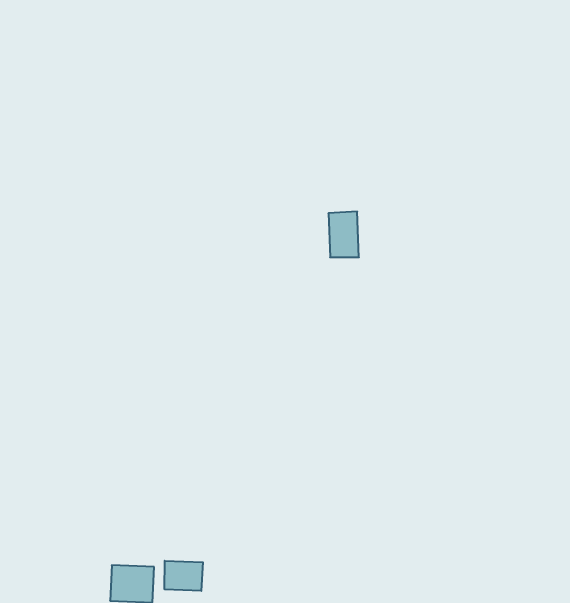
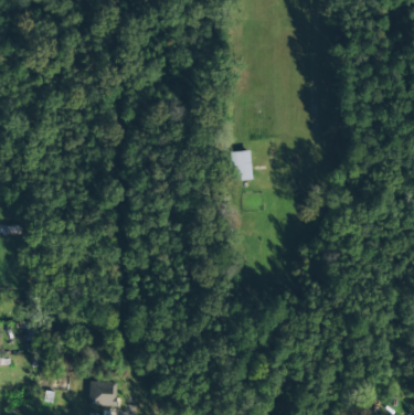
building: [165,561,203,591] -> none

